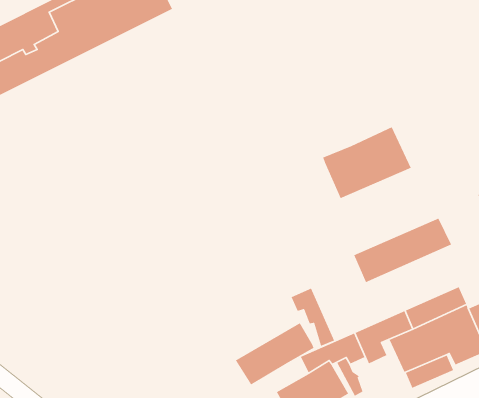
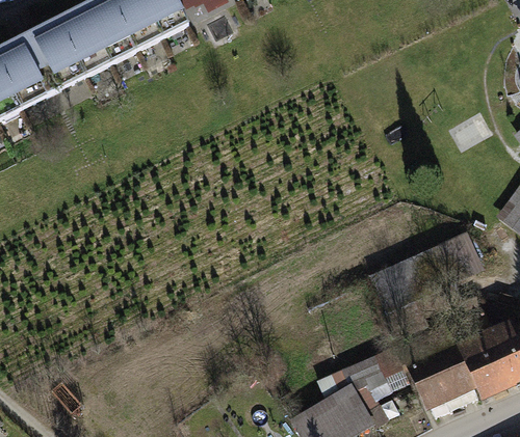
building: [322,126,412,199] -> none
building: [291,288,335,347] -> none
building: [235,322,315,386] -> none

